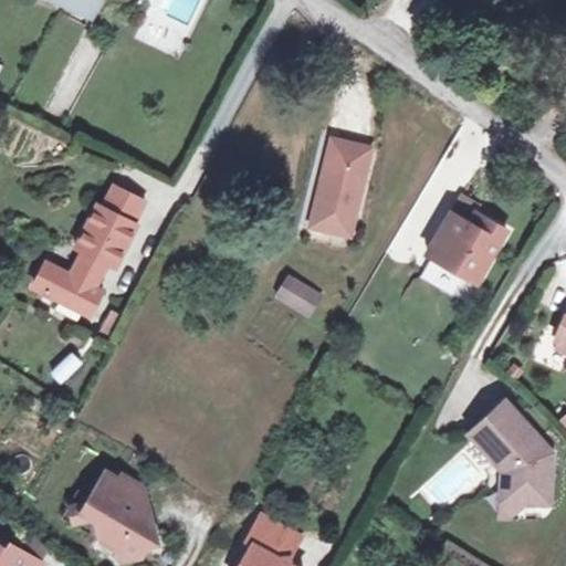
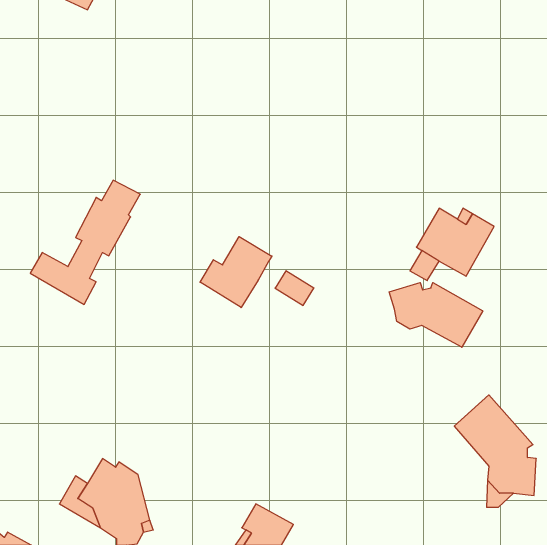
building: [316,142,376,237] -> none
building: none -> [200,237,272,308]
building: none -> [389,283,483,347]

